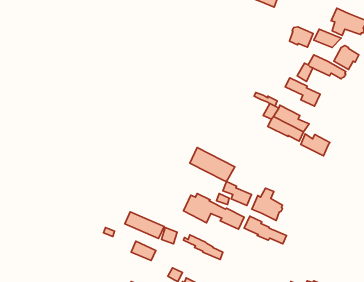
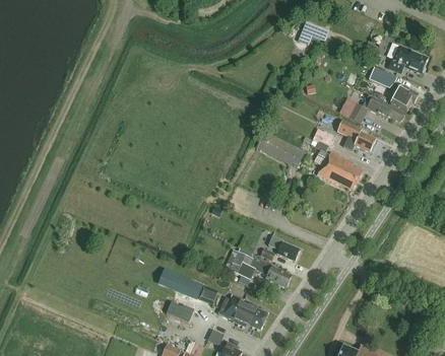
building: [289,27,313,47] -> none
building: [301,134,330,156] -> none
building: [190,148,235,182] -> [256,130,306,167]
building: [252,188,283,220] -> none
building: [244,216,286,244] -> [218,299,265,330]

